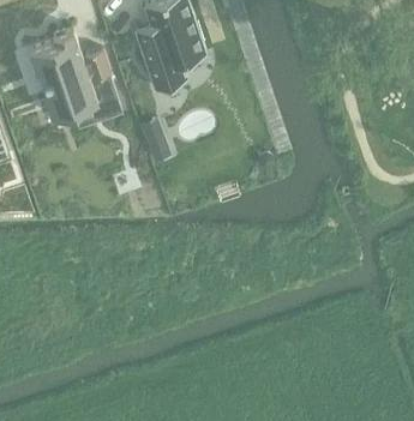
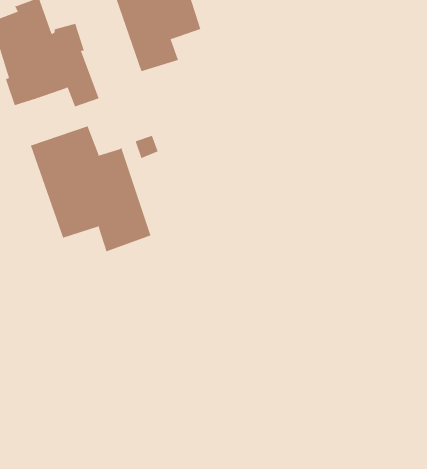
building: none -> [30,125,151,252]

